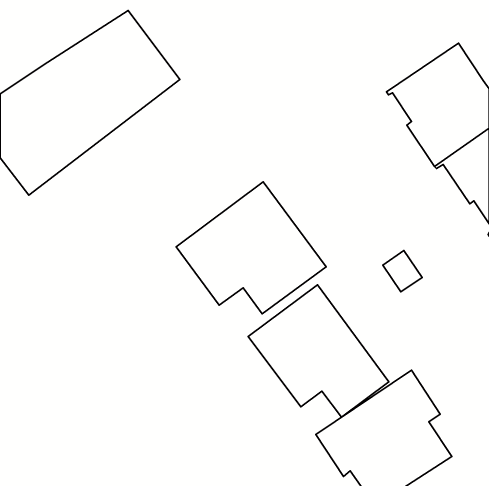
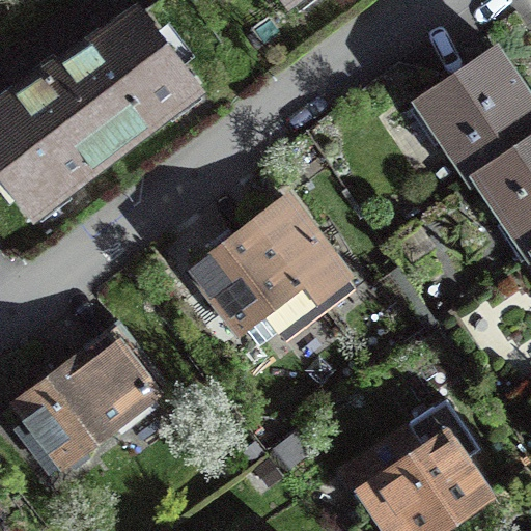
building: [248,285,389,417] -> none
building: none -> [15,327,167,474]

